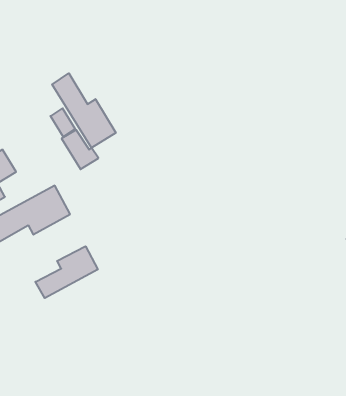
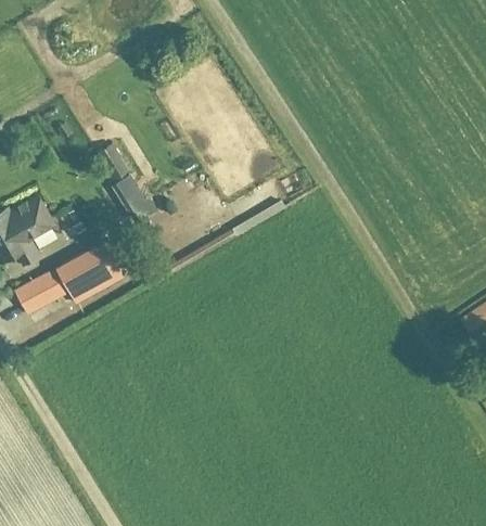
building: [52,73,116,148] -> none
building: [35,246,98,298] -> none

